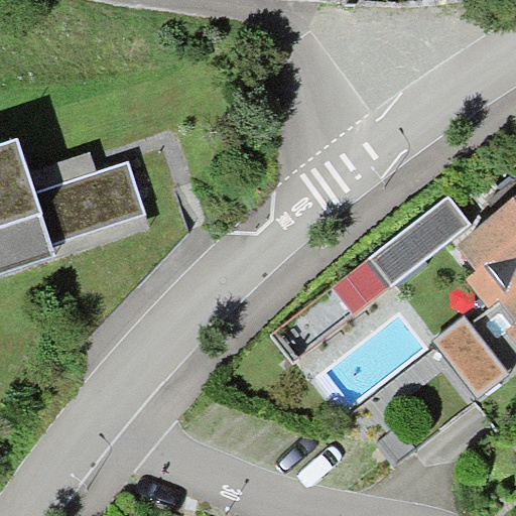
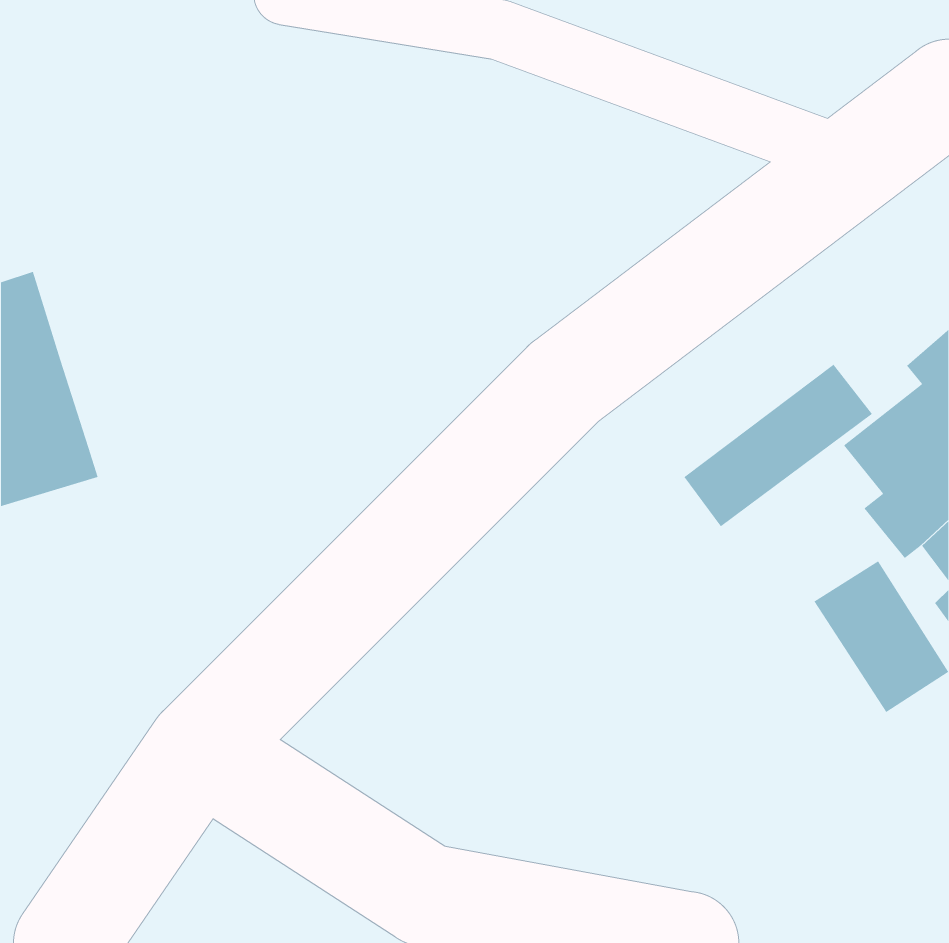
building: [33,165,144,243] -> none

